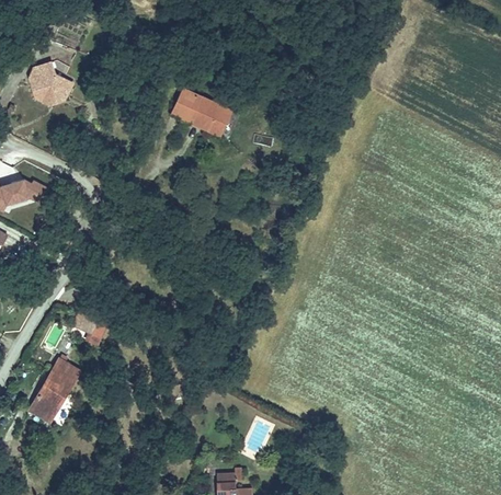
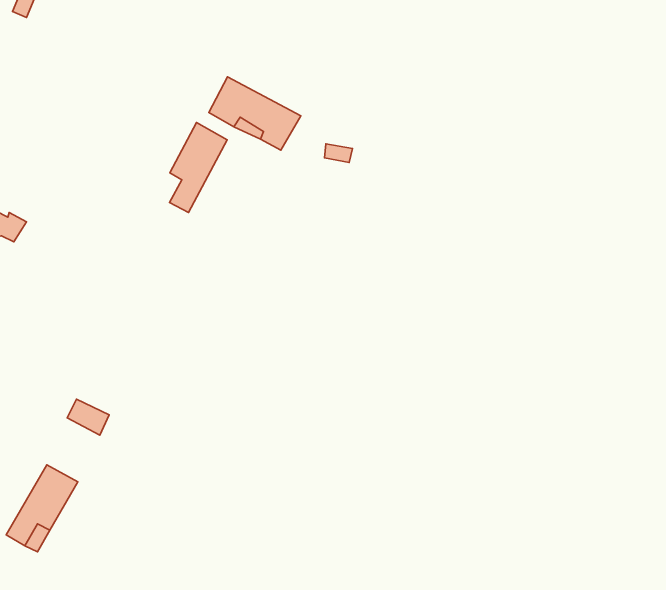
building: [32,62,72,103] -> none
building: none -> [170,123,227,212]

